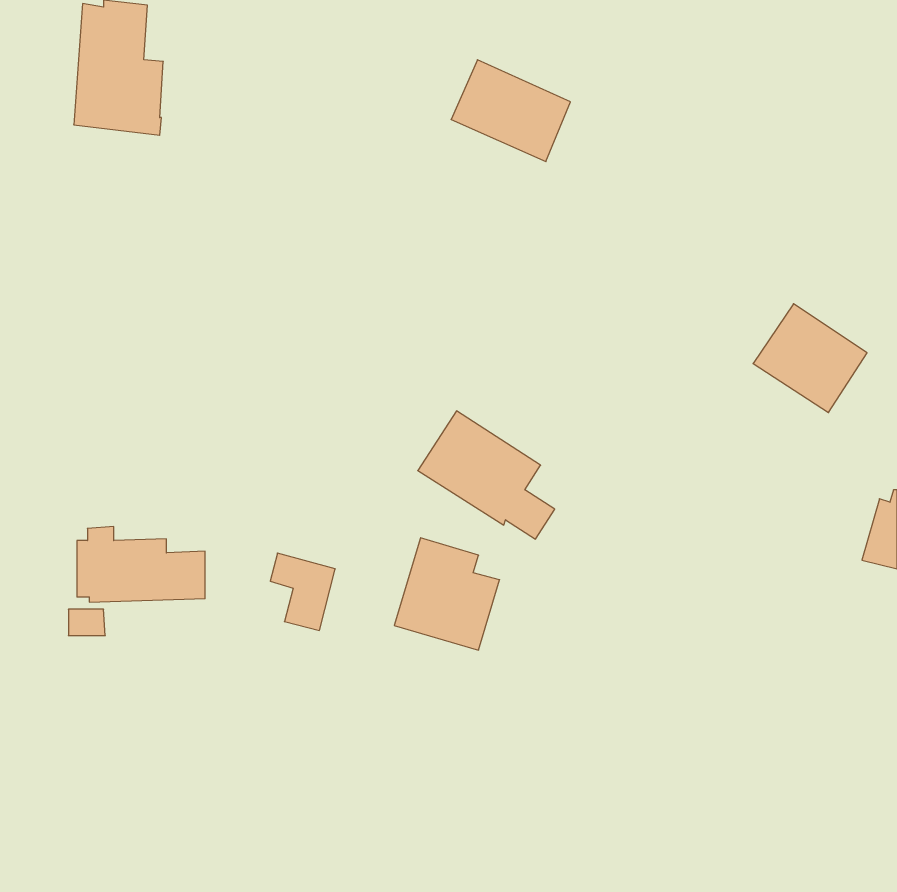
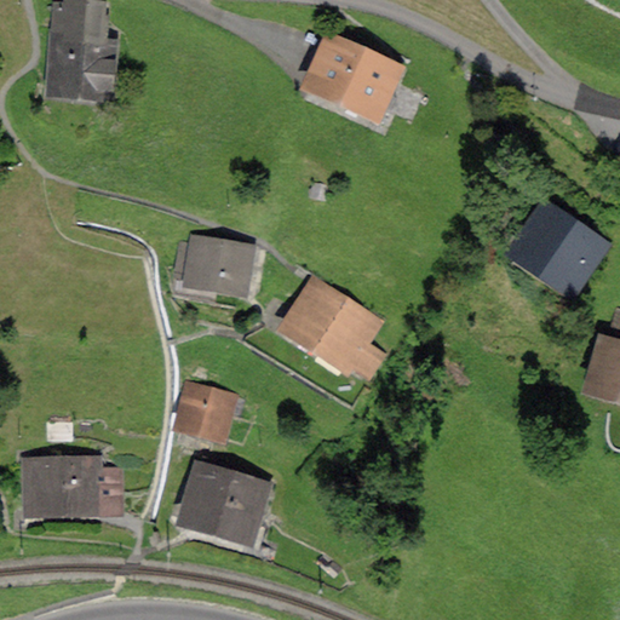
building: none -> [174,237,246,289]
building: [77,527,205,602] -> [27,458,115,510]
building: [394,538,500,650] -> [188,461,260,539]

